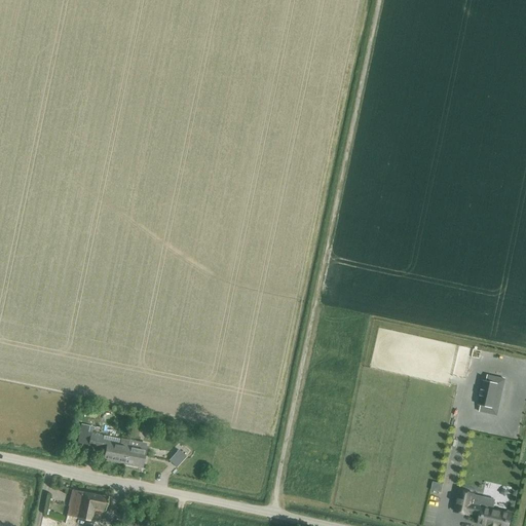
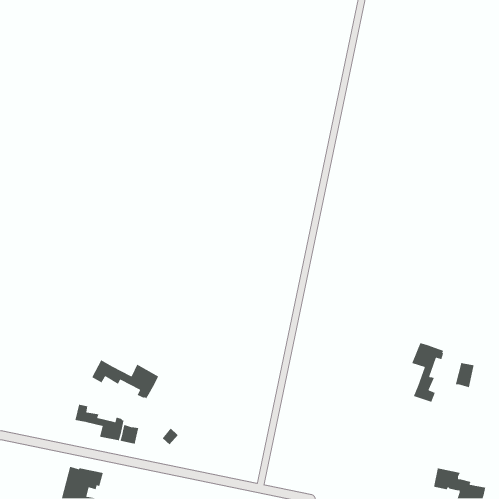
building: none -> [411,342,444,403]
building: none -> [91,359,159,400]

